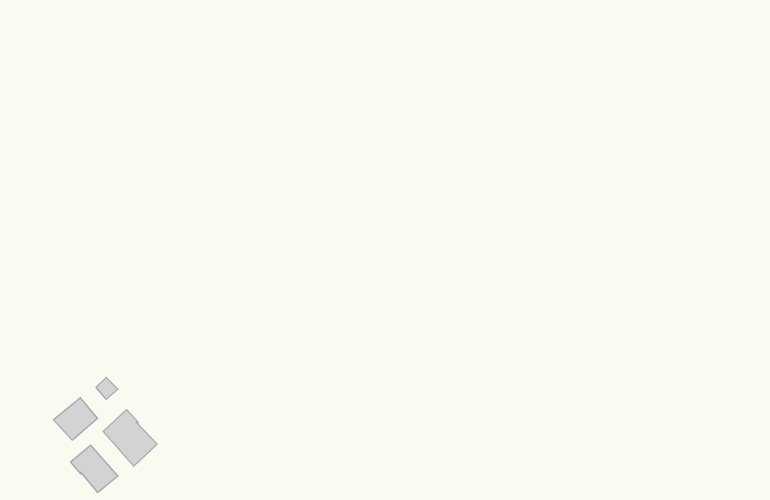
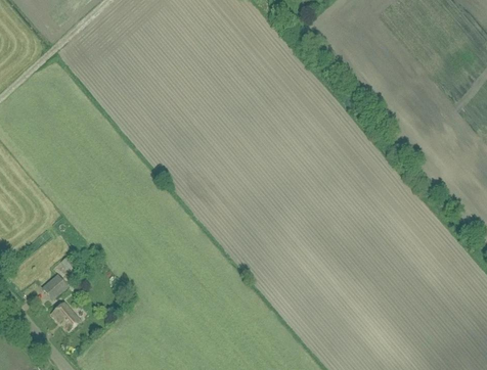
building: [103,410,157,466] -> none

